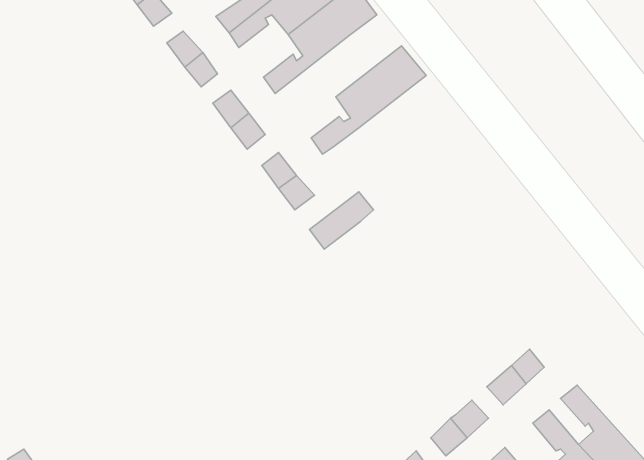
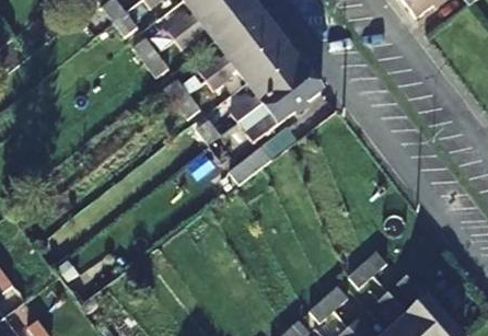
building: none -> [206,30,290,92]
building: none -> [245,70,322,143]

